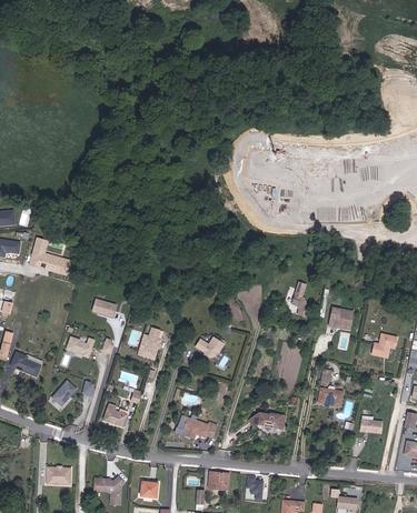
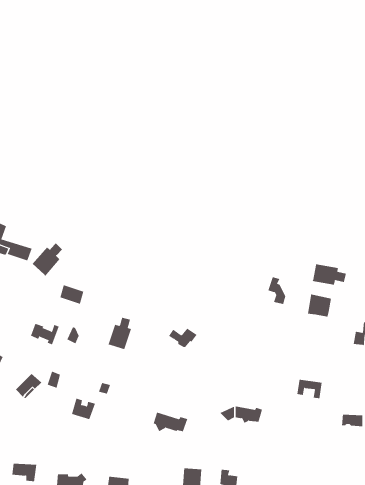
building: none -> [32,242,63,277]
building: none -> [312,264,347,286]

